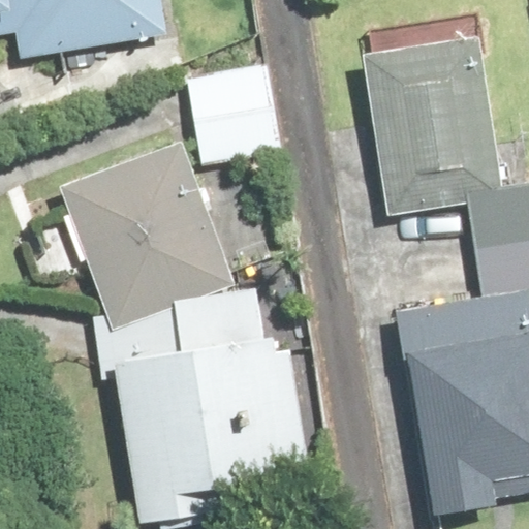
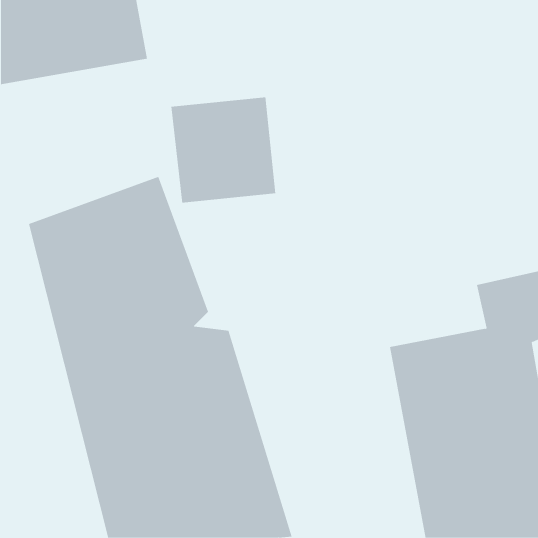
building: [350,58,492,243] -> none

